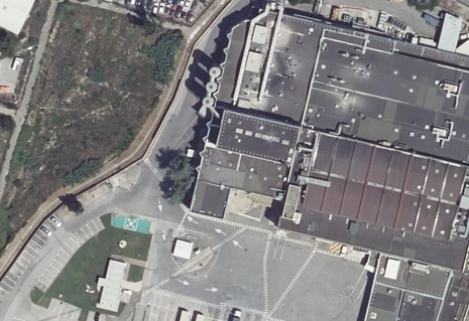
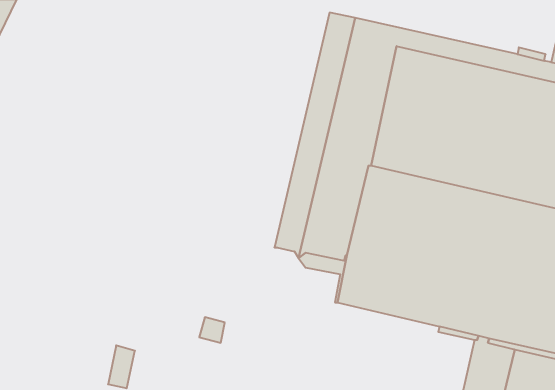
building: [189,7,270,216] -> none

